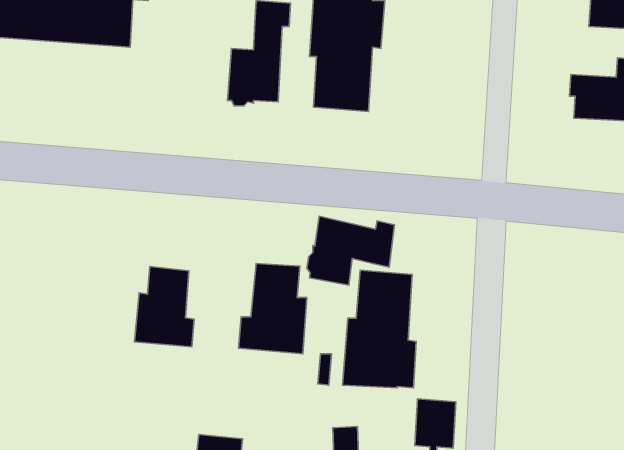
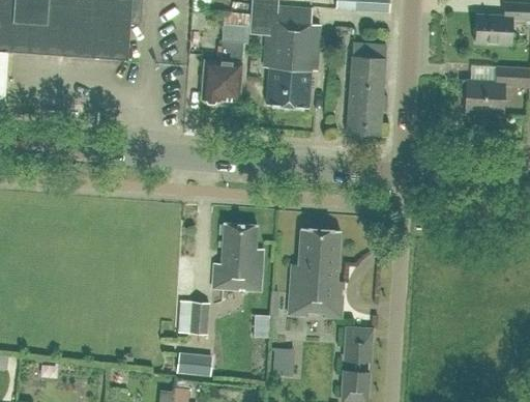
building: none -> [346,42,386,135]
building: [307,216,395,285] -> none
building: [134,267,194,347] -> none
building: none -> [177,300,210,335]

